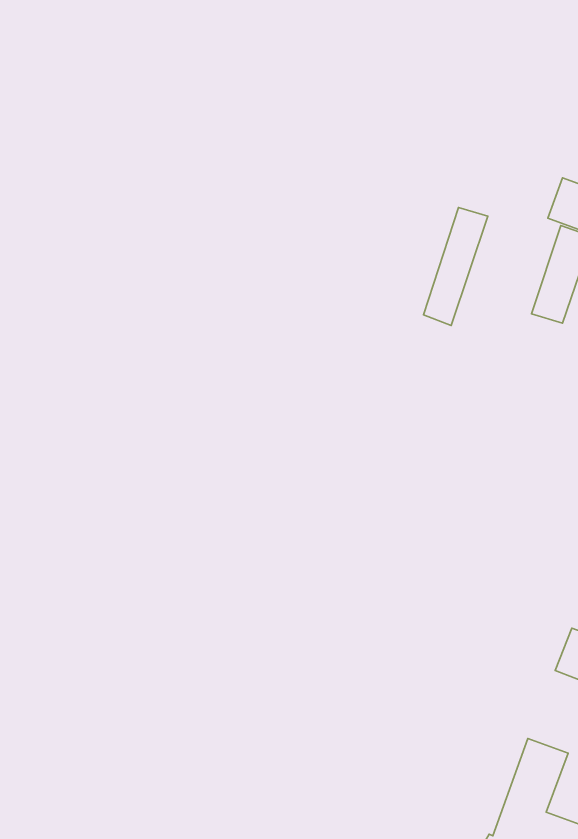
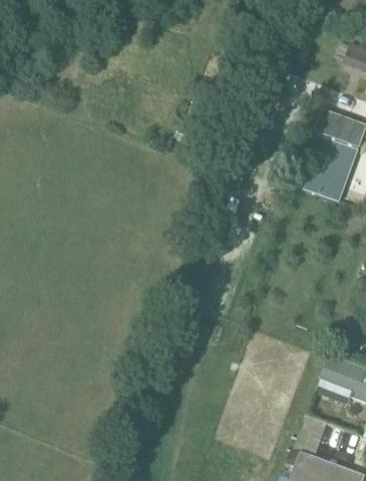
building: [423,207,488,326] -> none

